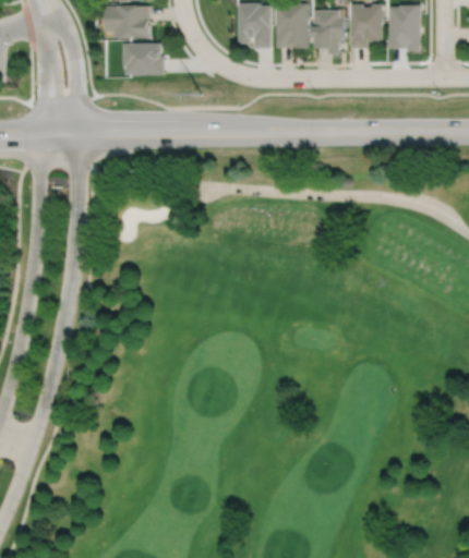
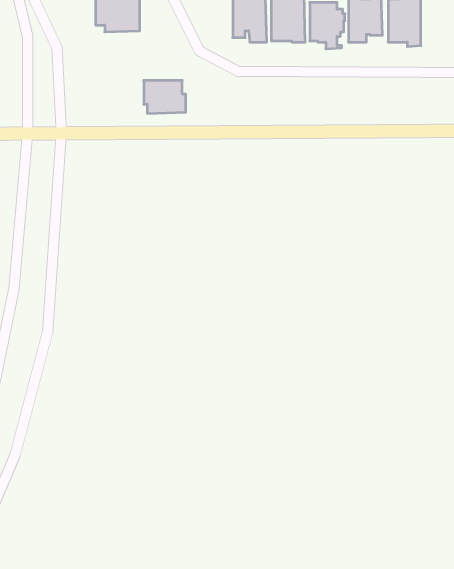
building: [123,44,164,75] -> [144,80,186,113]

